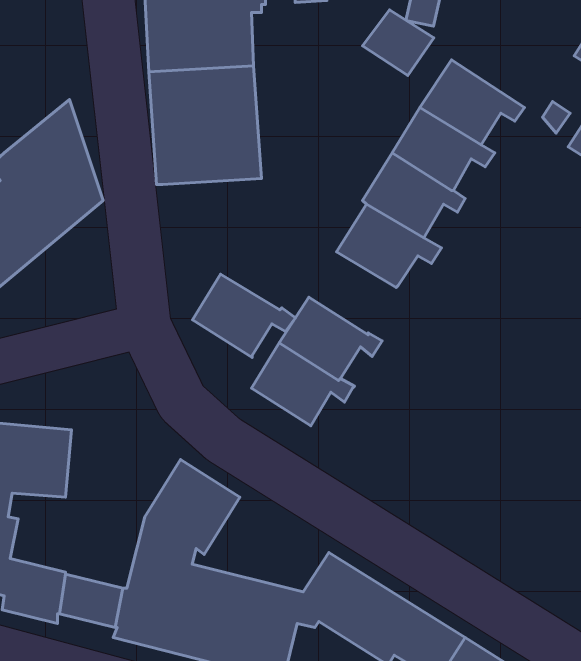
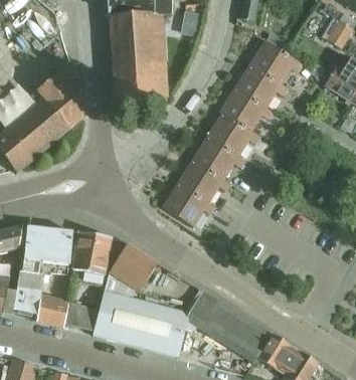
building: [362,10,434,75] -> none
building: [193,274,296,357] -> [192,139,244,181]
building: none -> [71,230,111,274]

